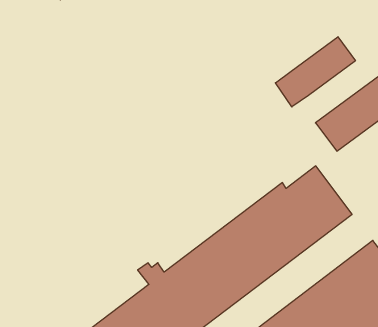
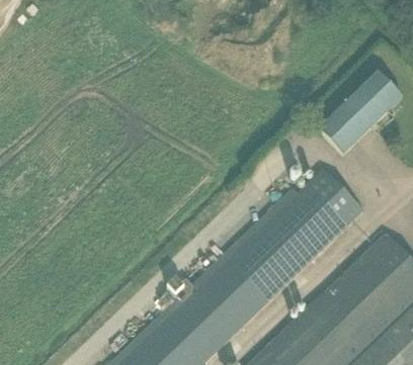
building: [275,37,355,107] -> none

